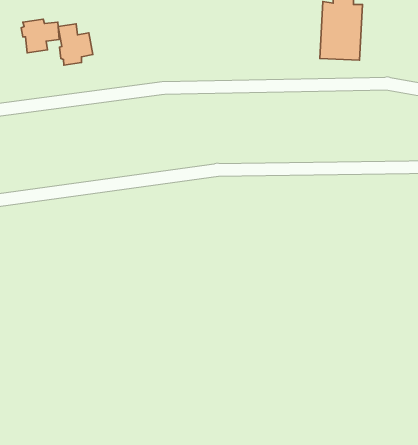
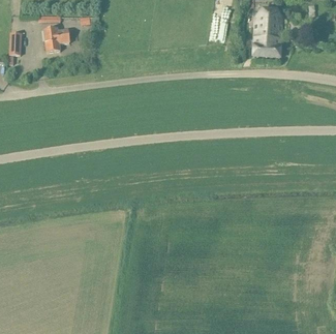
building: [58,24,93,65] -> none

